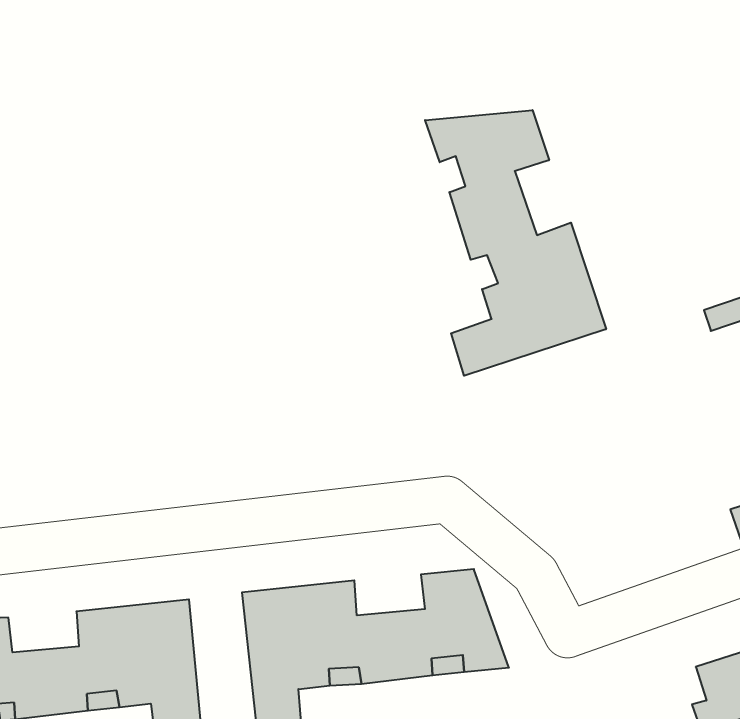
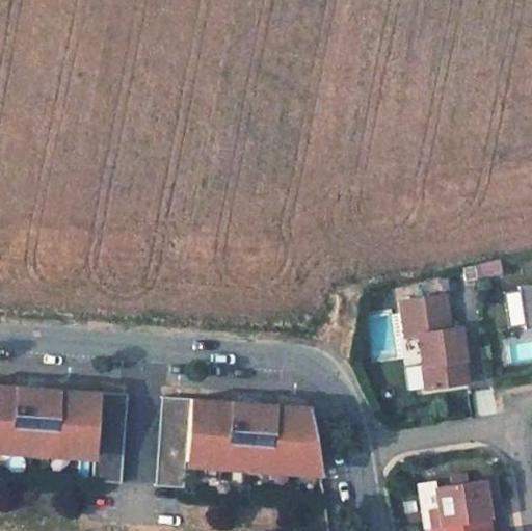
building: [425,110,606,376] -> none
building: none -> [399,300,467,394]

